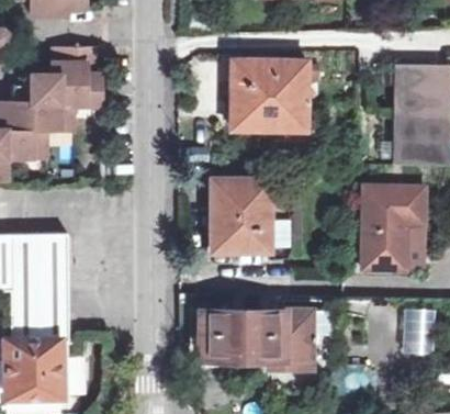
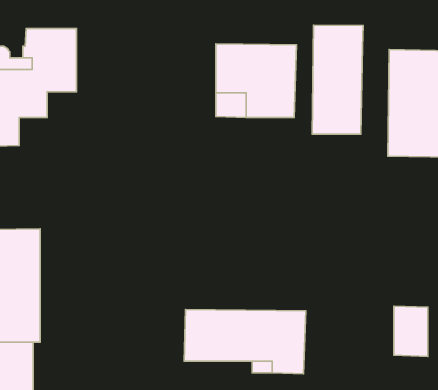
building: none -> [312,25,363,134]
building: [212,180,289,251] -> none
building: [362,186,423,268] -> none

